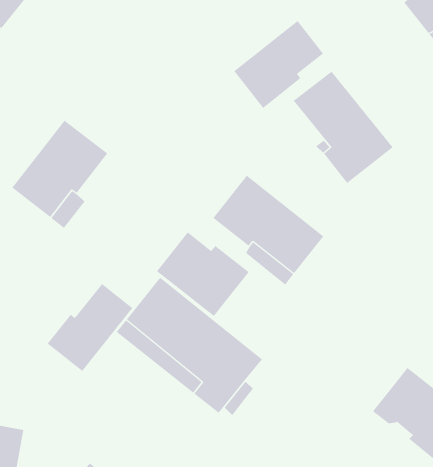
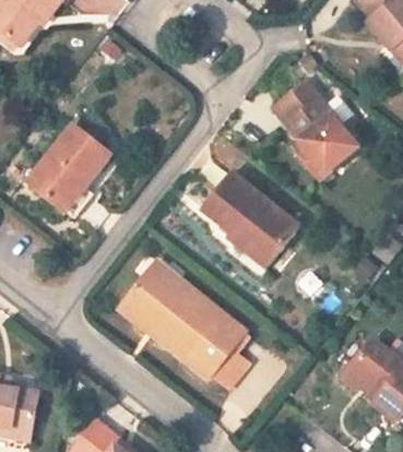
building: [233,20,324,109] -> none
building: [156,231,250,317] -> none
building: [47,283,133,372] -> none

